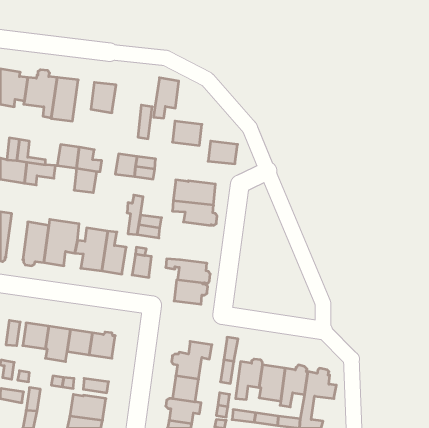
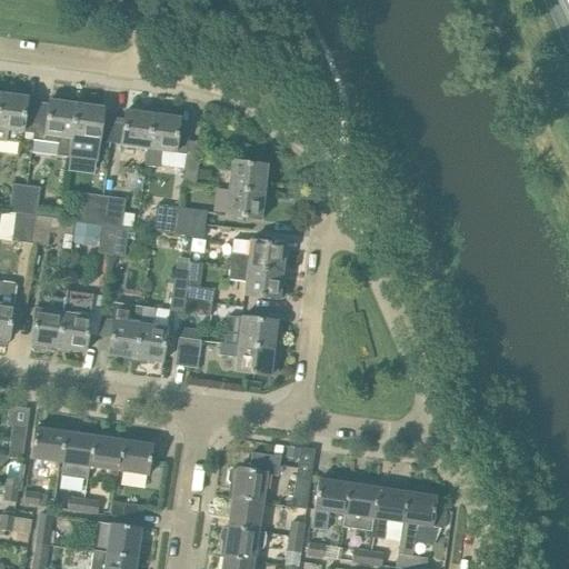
building: [154,78,179,118] -> [147,112,180,166]
building: [208,141,238,164] -> [226,188,264,218]
building: [174,280,208,304] -> [239,316,283,348]

